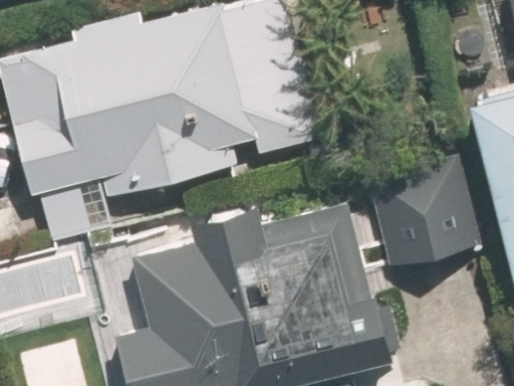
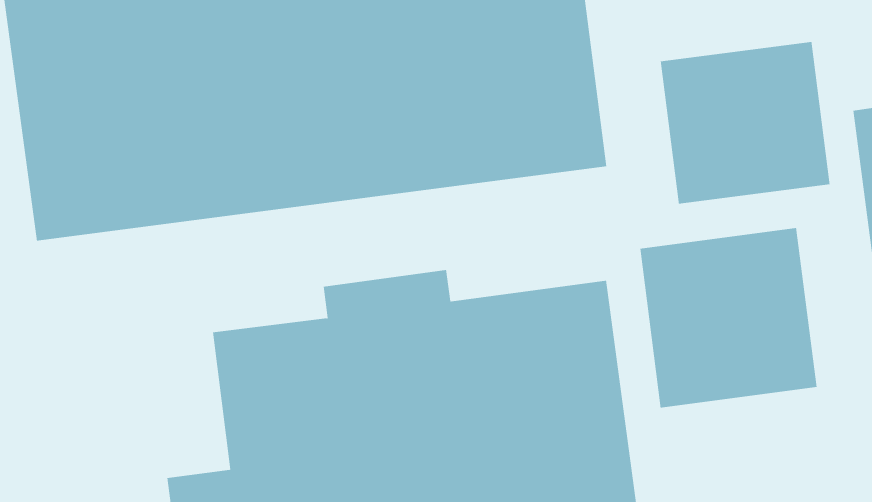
building: none -> [660,41,830,205]

